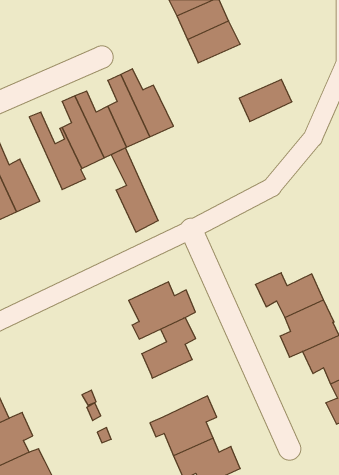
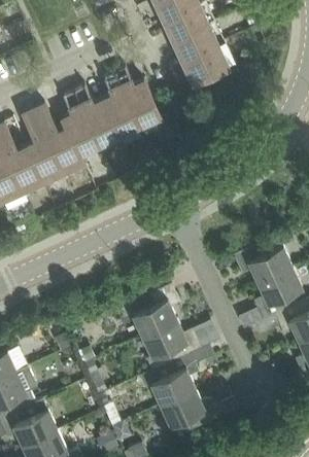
building: [239,79,292,122] -> [181,43,228,80]
building: [111,148,158,232] -> [21,107,62,181]
building: [129,282,195,339] -> [141,320,200,371]

